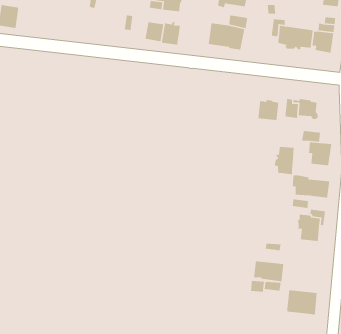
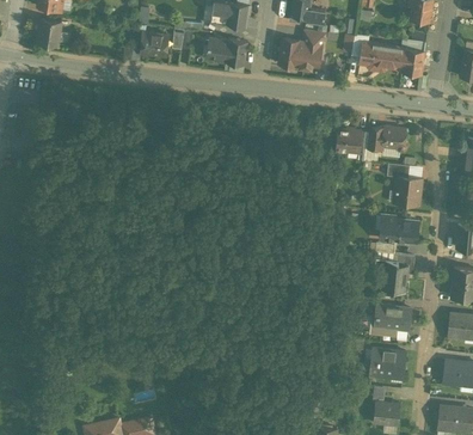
building: none -> [140,32,167,56]
building: [274,146,294,175] -> none
building: [253,261,284,282] -> [374,305,410,330]

